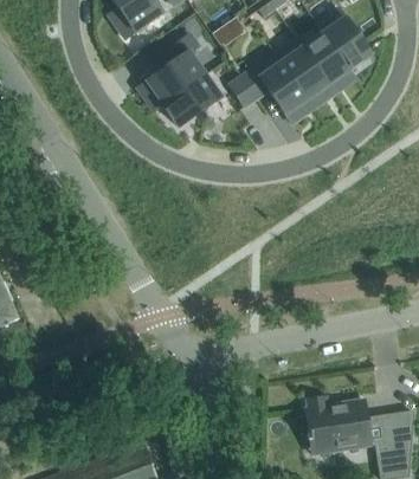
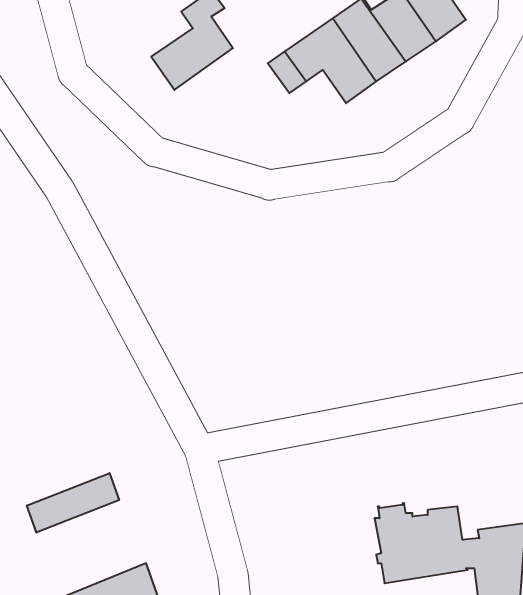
building: [162,75,220,127] -> none
building: none -> [27,473,119,533]

